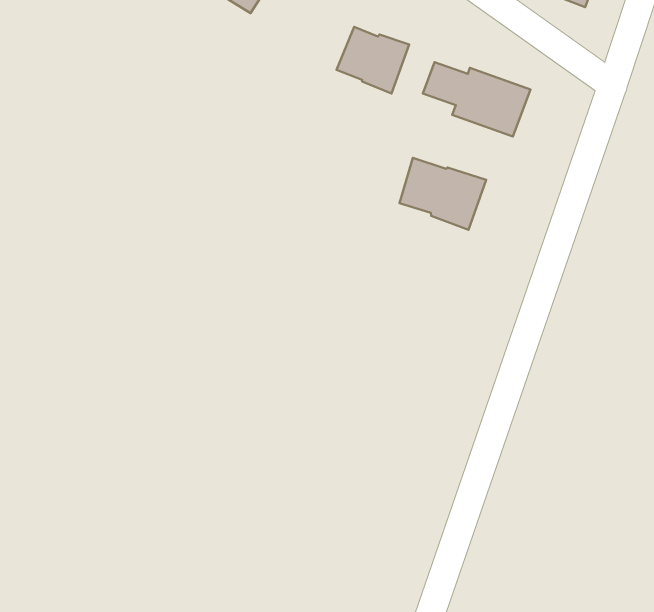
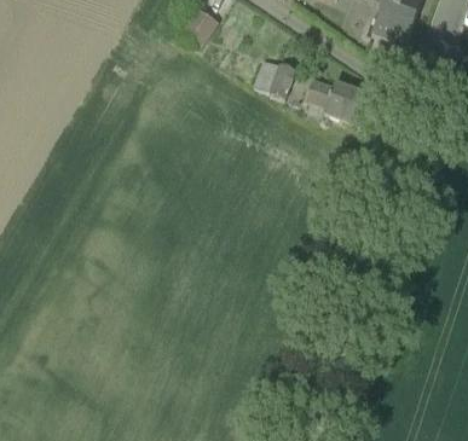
building: [400,158,486,230] -> none

